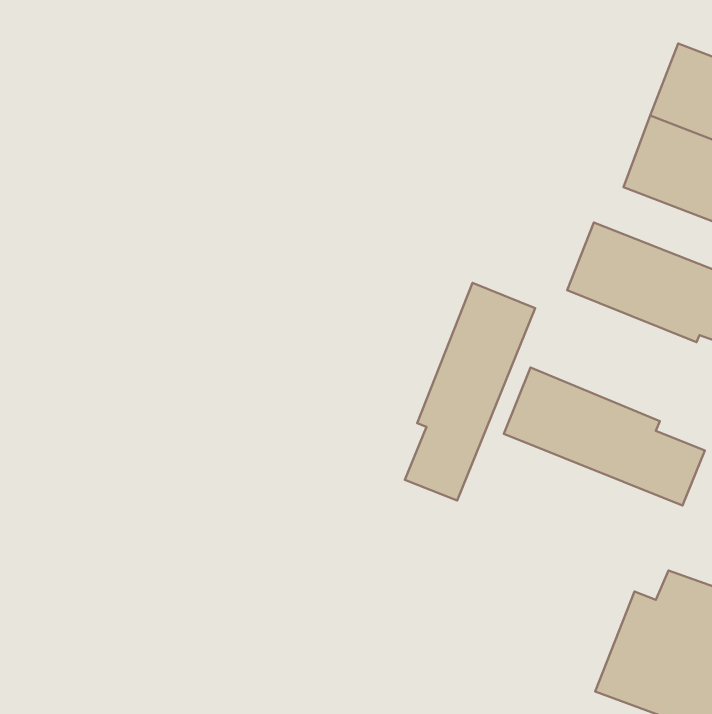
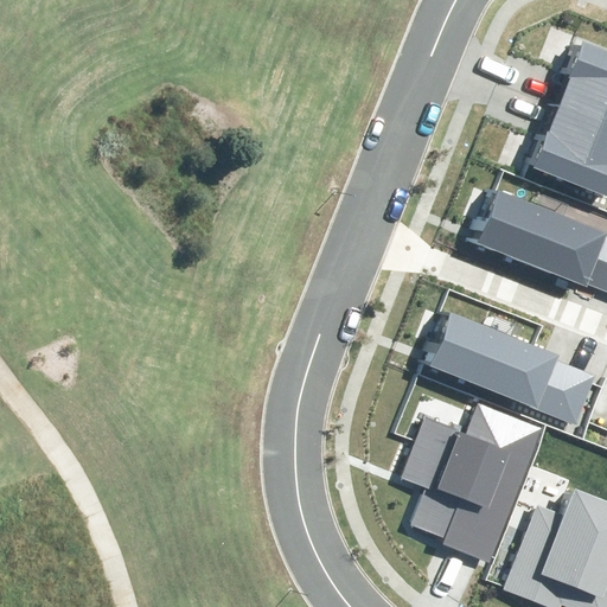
building: [405,283,535,500] -> none
building: none -> [407,409,541,549]

